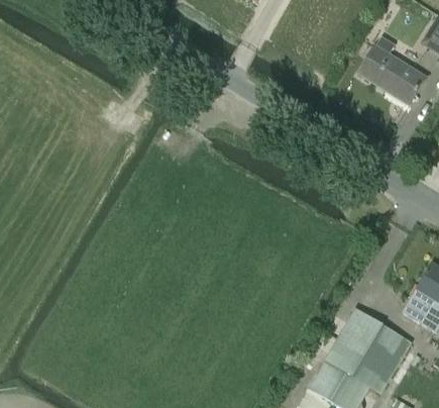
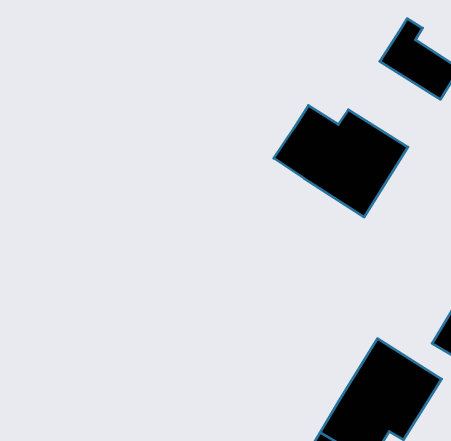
building: none -> [274,105,408,217]

